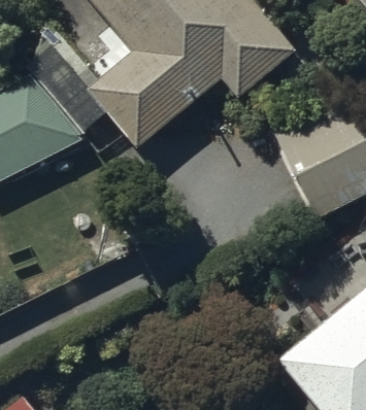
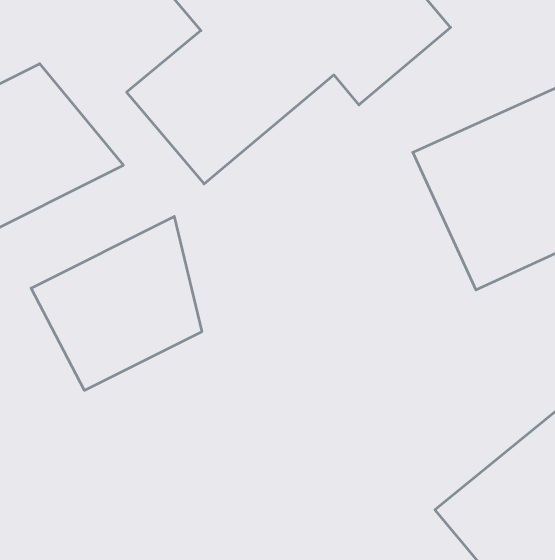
building: none -> [31,216,202,390]

